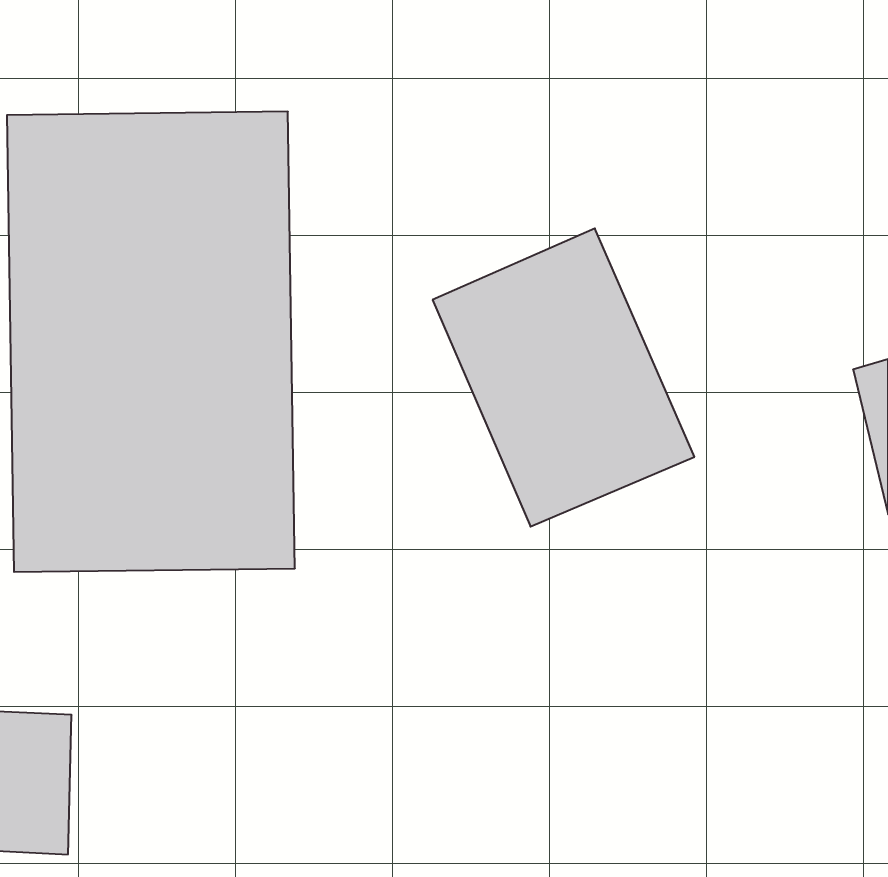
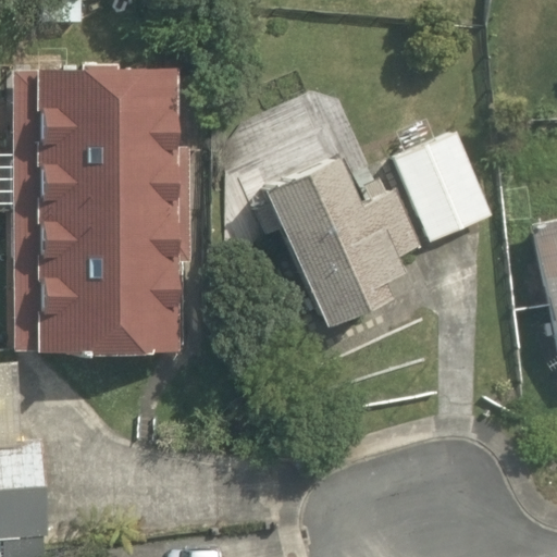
building: none -> [391,121,503,244]

